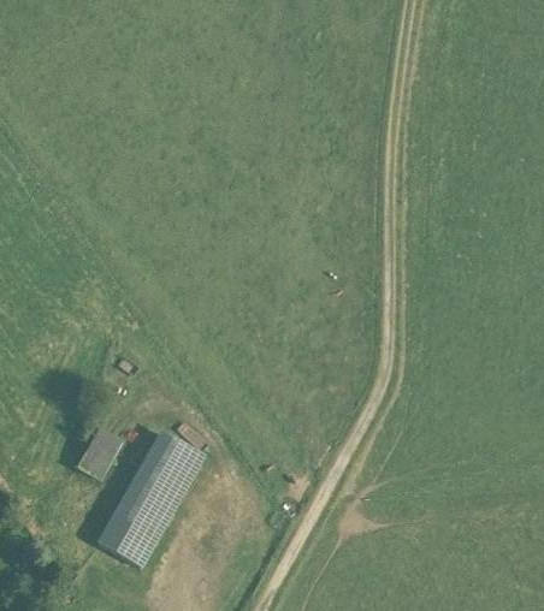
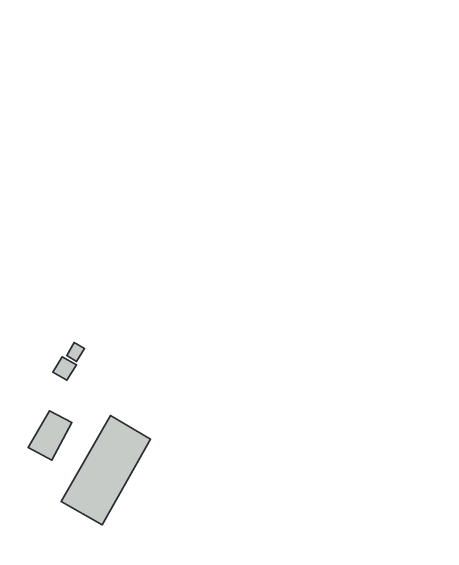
building: [99,520,153,565] -> none

